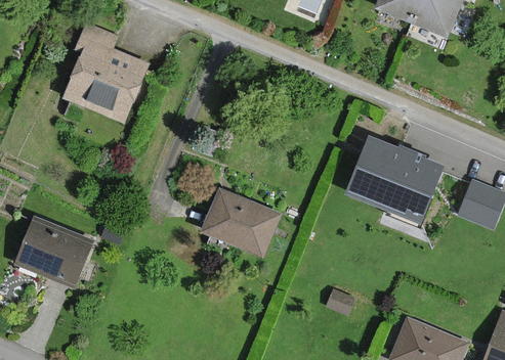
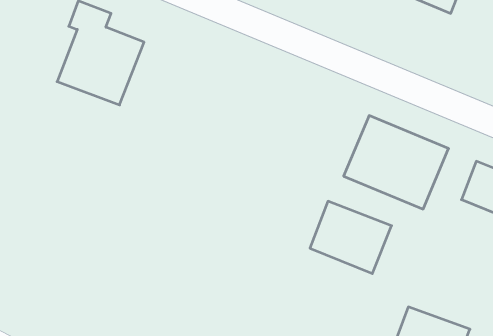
building: [200,188,279,258] -> [310,201,392,274]
building: [17,216,95,287] -> none

